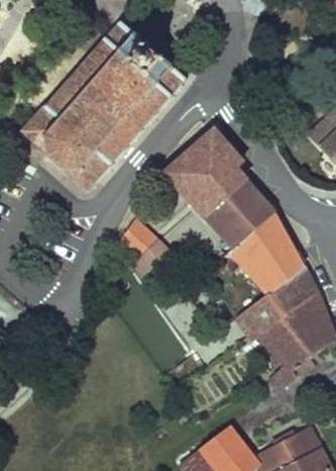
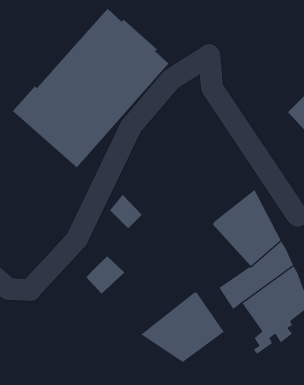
building: [165,130,275,248] -> none
building: [133,241,176,282] -> [85,255,125,294]
building: none -> [140,291,224,363]

